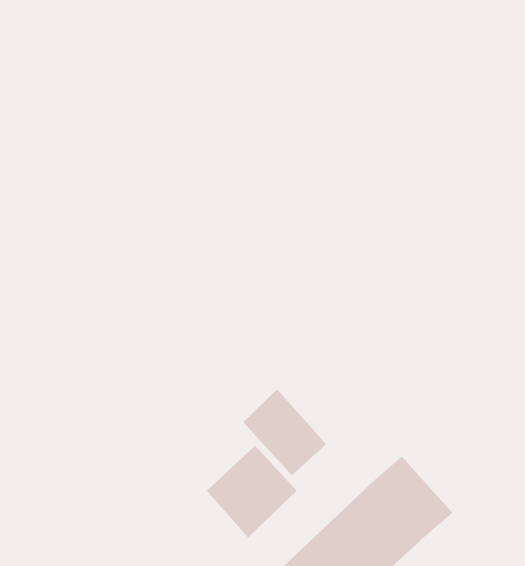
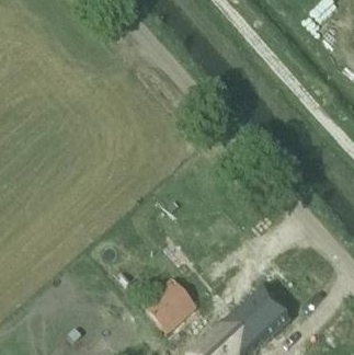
building: [243,388,327,476] -> none

